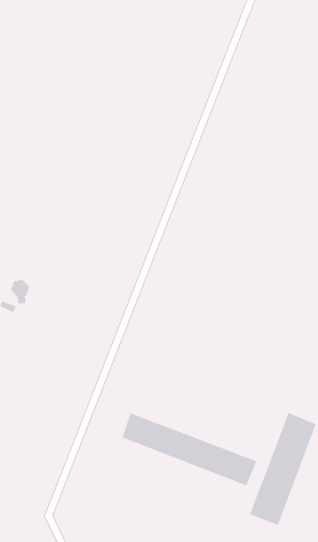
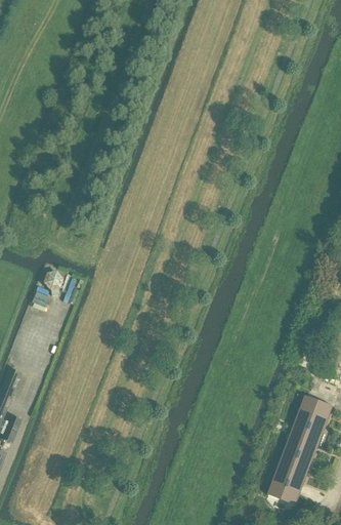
building: [122,412,257,486] -> none

